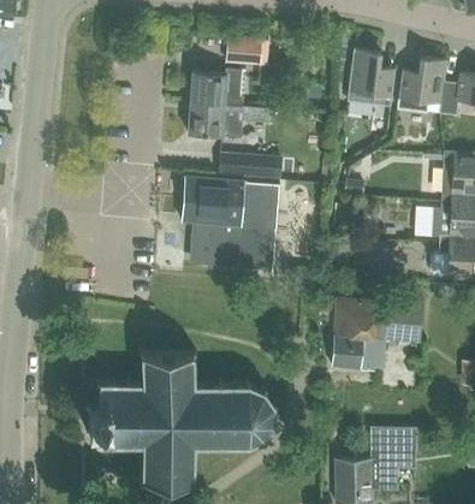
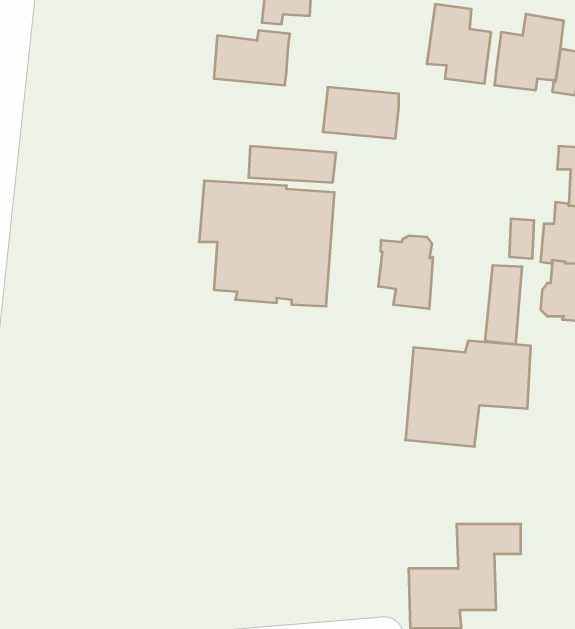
building: [189,102,244,140] -> [323,87,399,138]
building: none -> [378,236,433,309]
building: none -> [485,265,522,344]
building: [81,348,278,487] -> none

